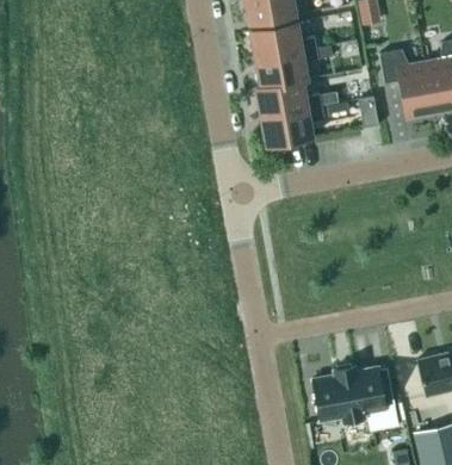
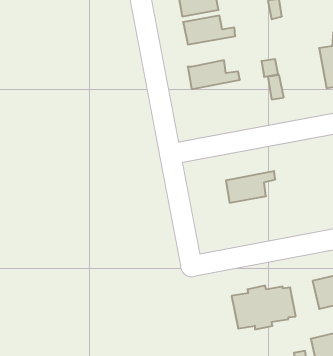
building: [256,46,320,86] -> none
building: [379,50,434,118] -> none
building: [261,103,324,143] -> [226,171,275,203]

